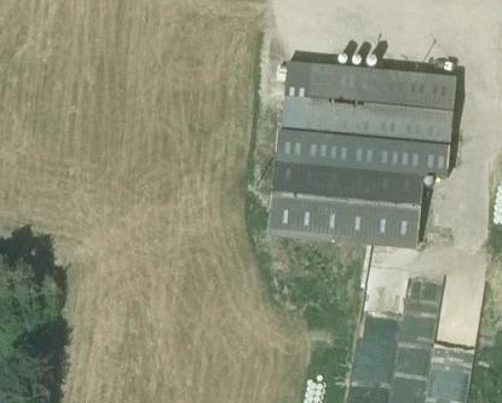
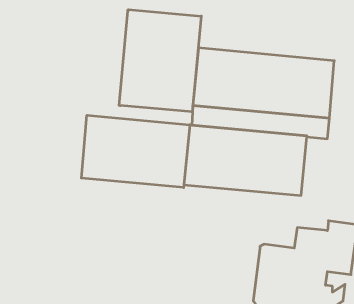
building: none -> [119,10,201,112]
building: none -> [81,115,190,188]

